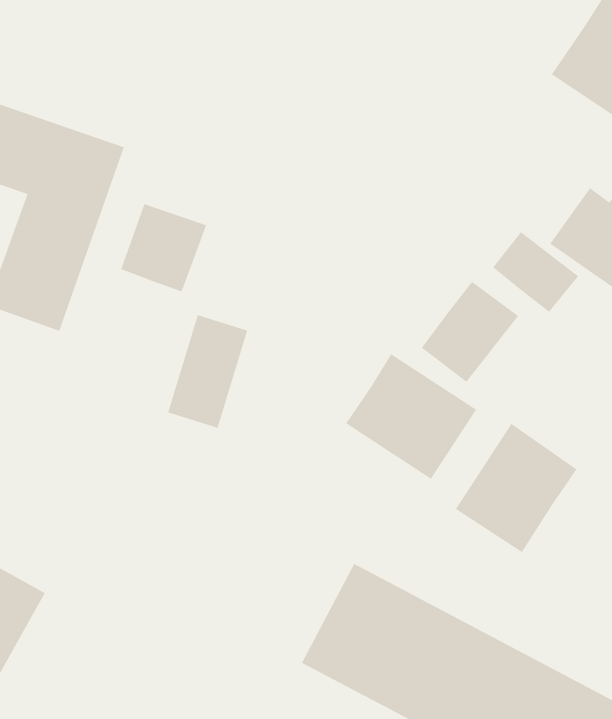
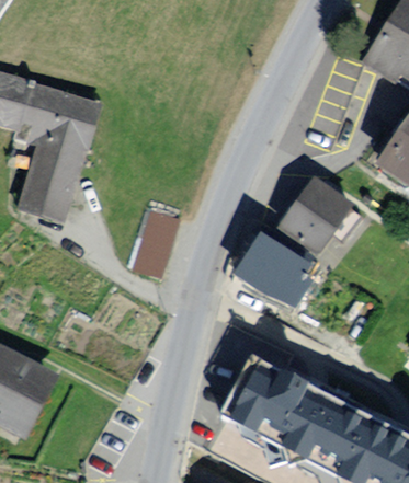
building: [120,203,207,292] -> none
building: [492,231,579,313] -> none
building: [455,423,577,553] -> none

